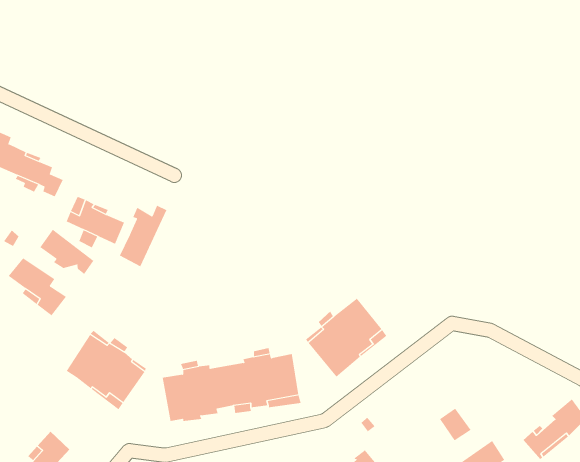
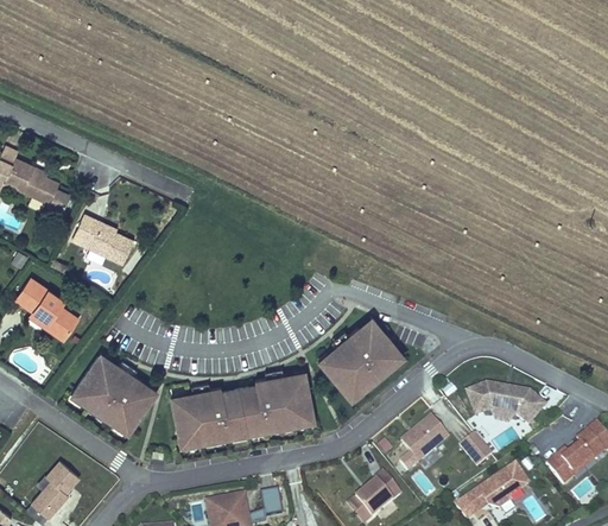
building: [119,205,167,267] -> none
building: [39,229,94,275] -> none
building: none -> [466,387,543,427]
building: none -> [399,418,448,464]

